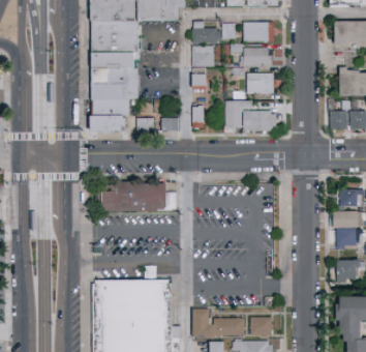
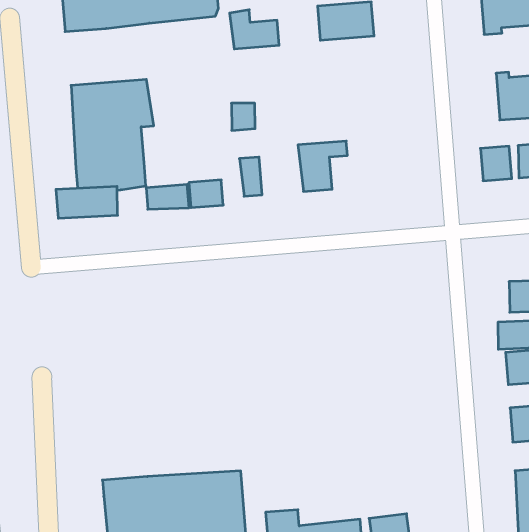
building: [96,23,145,55] -> none
building: [191,45,213,65] -> none
building: [242,46,270,65] -> none
building: [246,71,272,93] -> none
building: [243,110,277,130] -> none
building: [104,185,174,214] -> none

